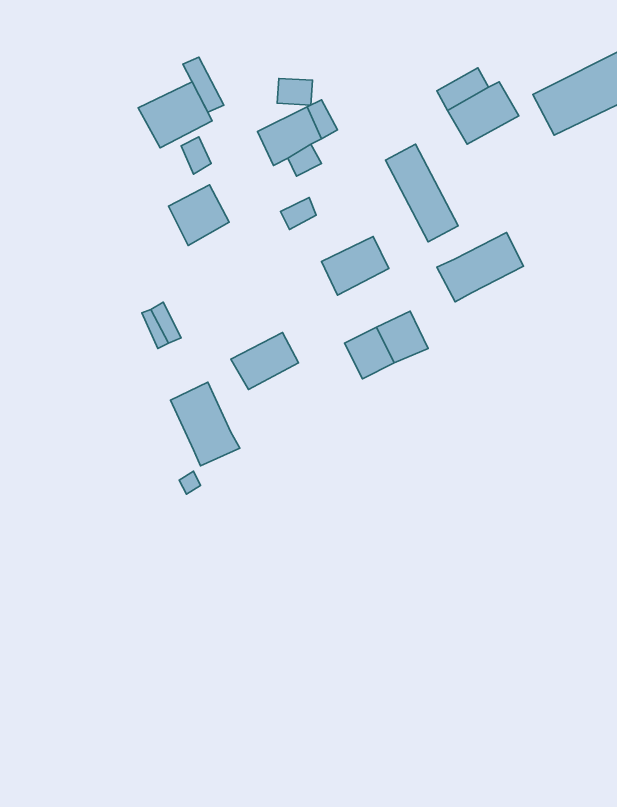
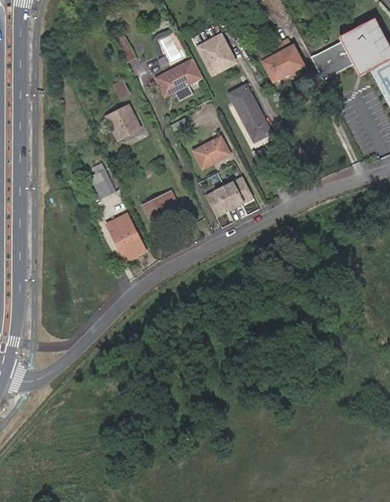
building: none -> [198,31,235,71]
building: [138,82,212,148] -> none
building: [437,232,523,302] -> none

